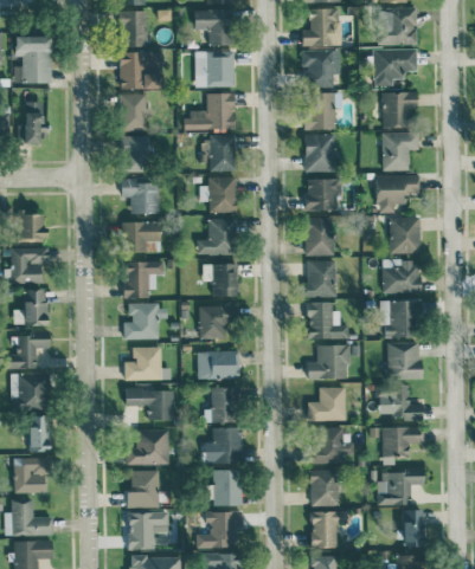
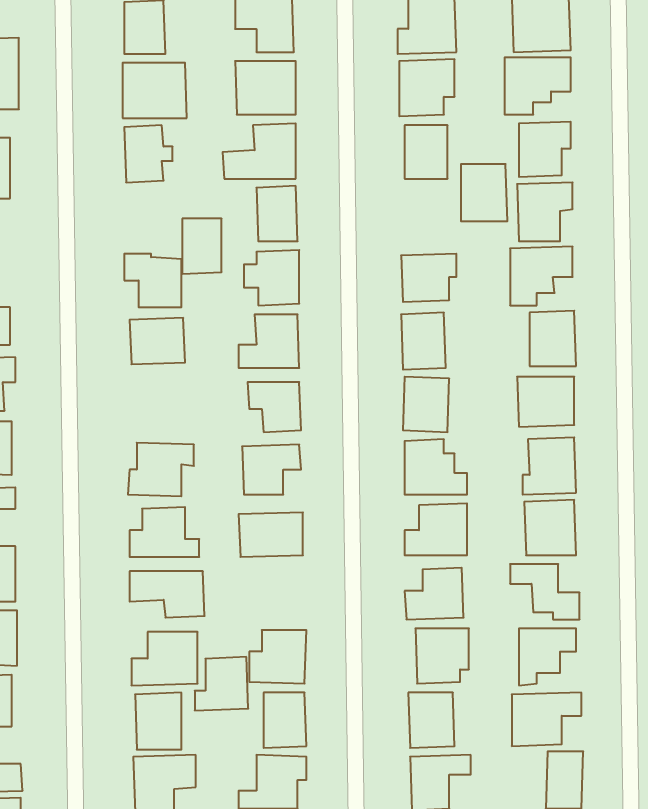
building: [304,134,335,172] -> [461,164,507,221]
building: [123,136,149,173] -> [182,219,222,274]
building: [122,261,163,298] -> none
building: [204,387,239,422] -> [195,657,248,710]

